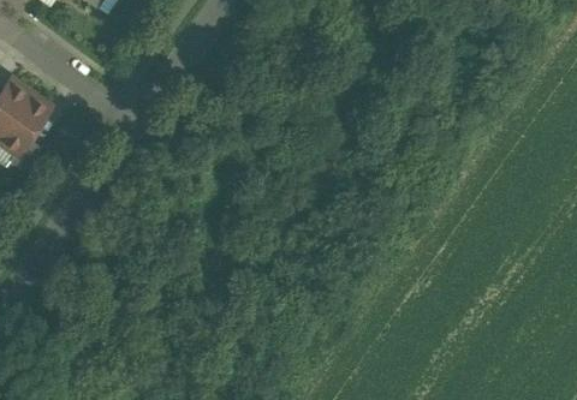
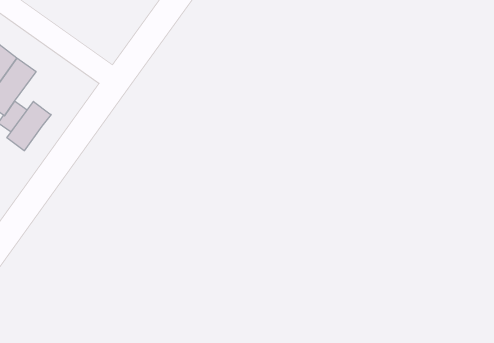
building: none -> [7,101,51,151]

